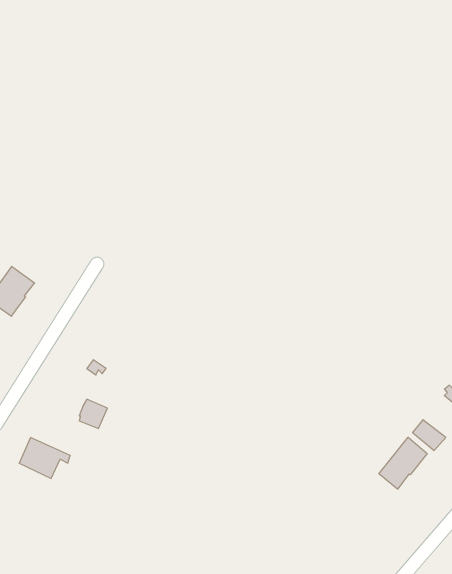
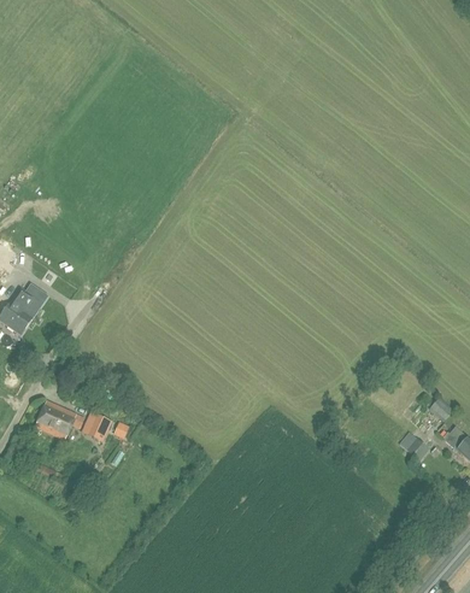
building: [379,437,427,489] -> none
building: [19,438,70,478] -> [35,401,83,440]

